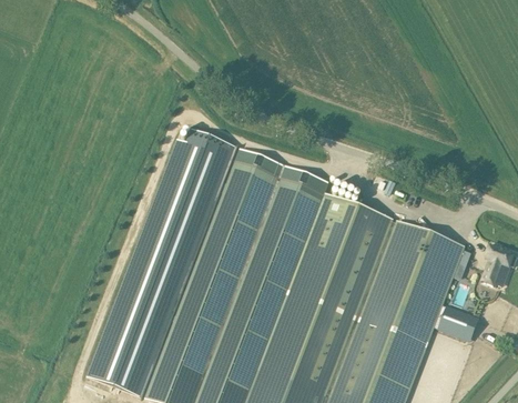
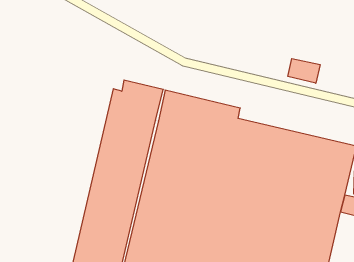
building: none -> [288,59,320,83]

